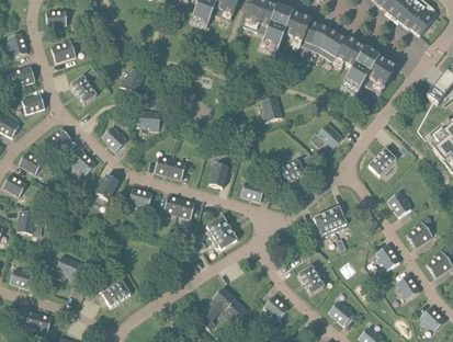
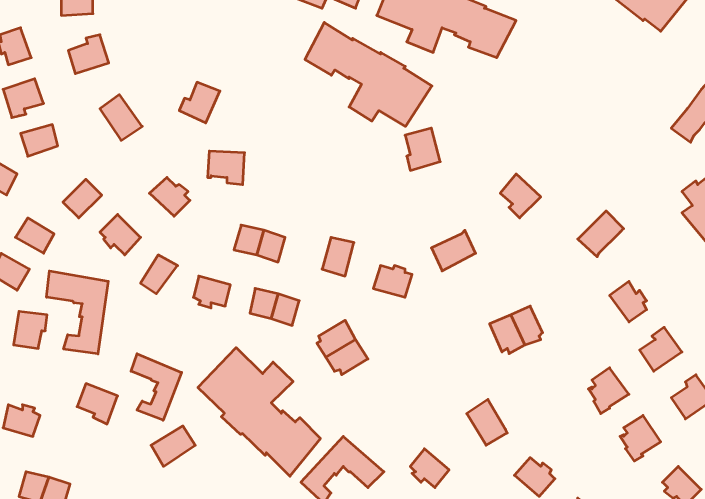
building: [317,28,396,93] -> [305,22,432,126]
building: none -> [47,271,108,354]
building: none -> [198,348,320,476]
building: none -> [131,354,182,420]

